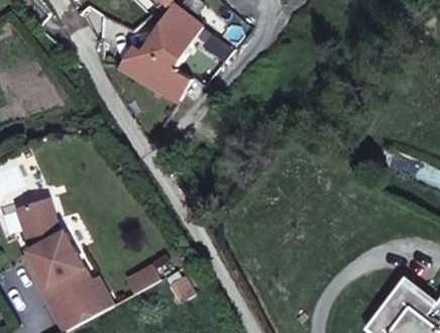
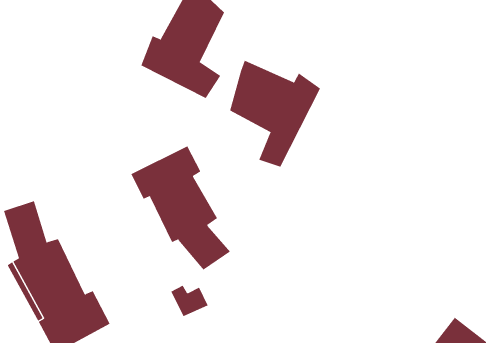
building: none -> [230,60,321,167]
building: none -> [130,145,231,271]

